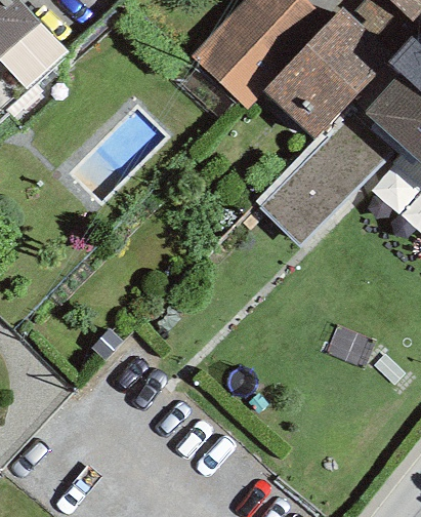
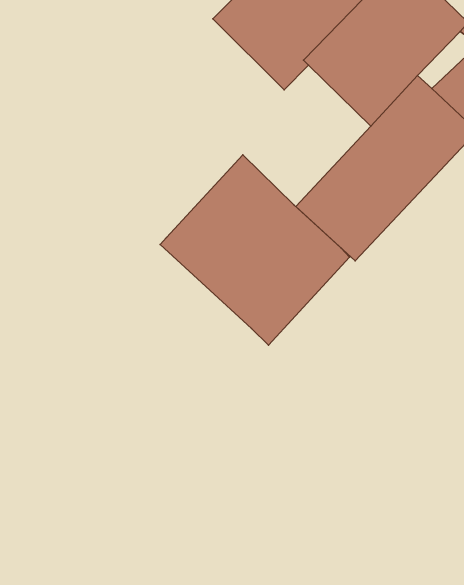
building: none -> [160,155,349,345]

